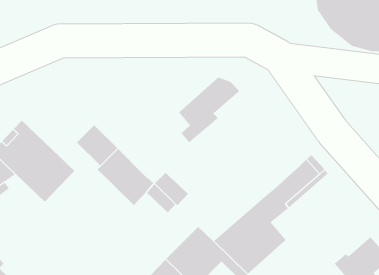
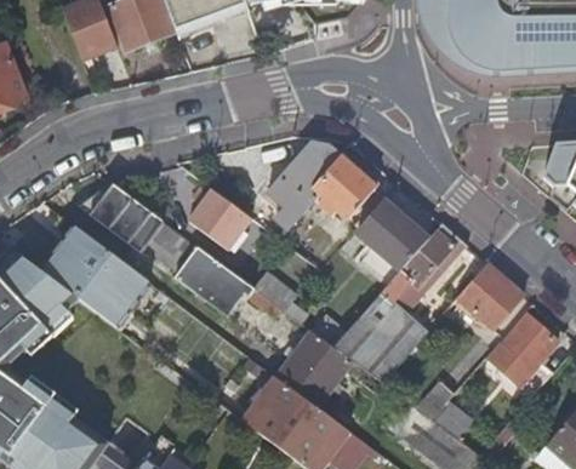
building: none -> [79,182,165,252]
building: none -> [313,155,376,222]
building: none -> [193,190,256,252]
building: none -> [357,200,428,270]
building: none -> [457,261,524,327]

